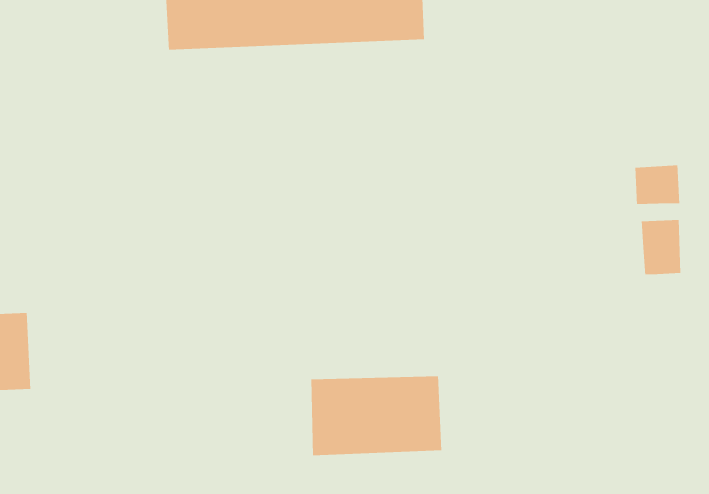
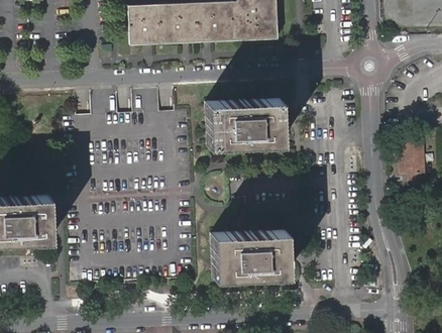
building: none -> [206,98,282,146]
building: [635,165,680,205] -> none

